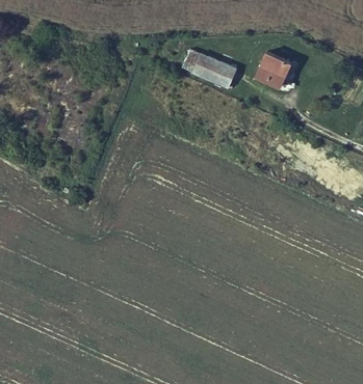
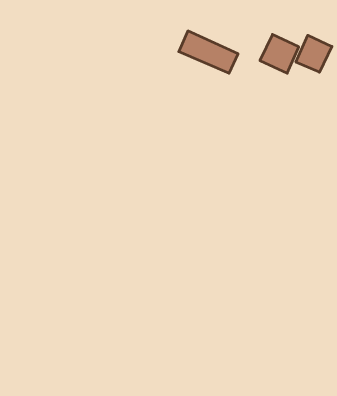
building: none -> [296,35,332,72]

